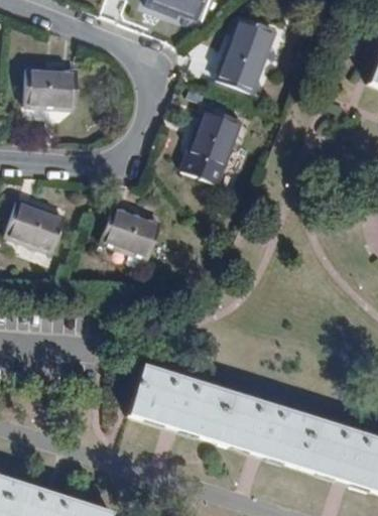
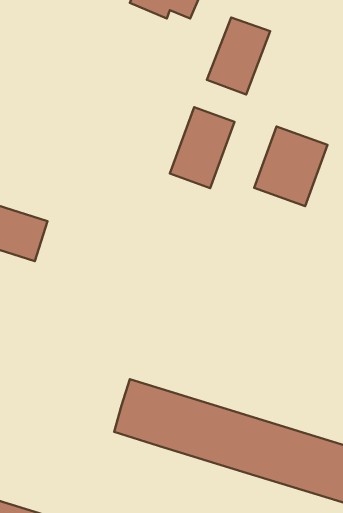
building: [24,67,77,107] -> none
building: none -> [254,126,327,206]
building: [102,205,160,259] -> none

